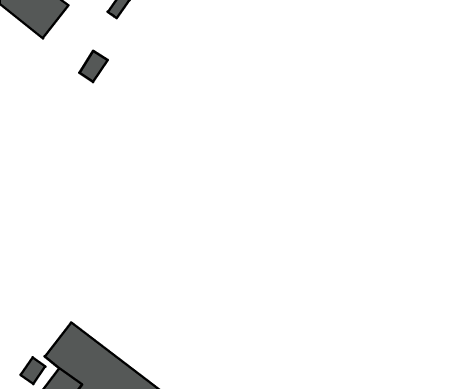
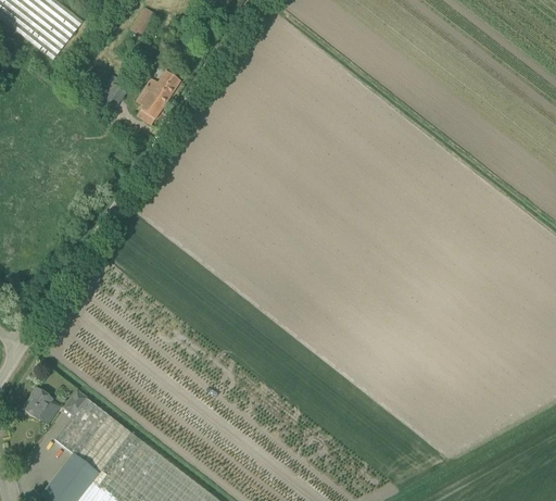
building: none -> [136,72,180,125]
building: [21,357,45,384] -> [22,389,51,421]

